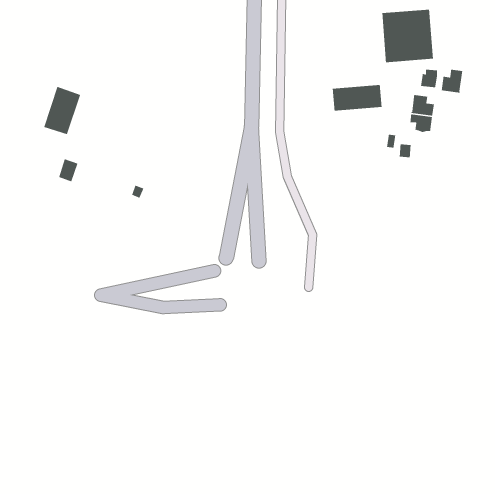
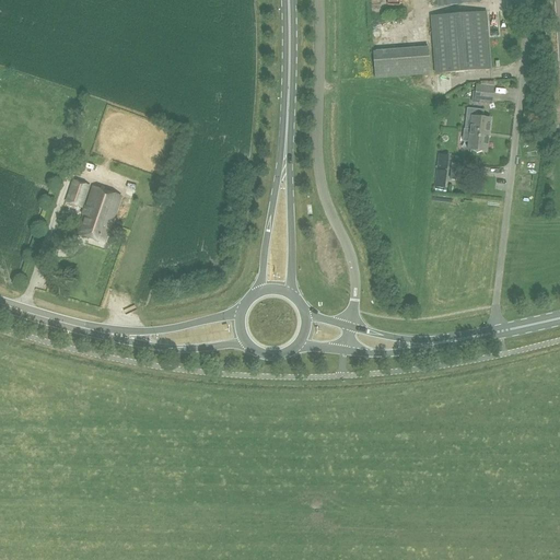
building: [441,69,463,94] -> none
building: [332,84,382,111] -> [372,45,429,75]
building: [43,86,81,135] -> [77,185,119,241]

